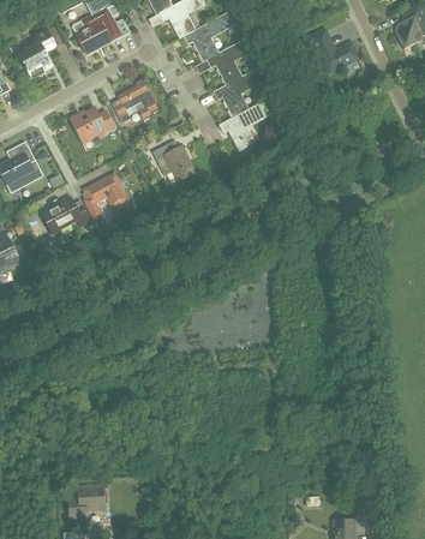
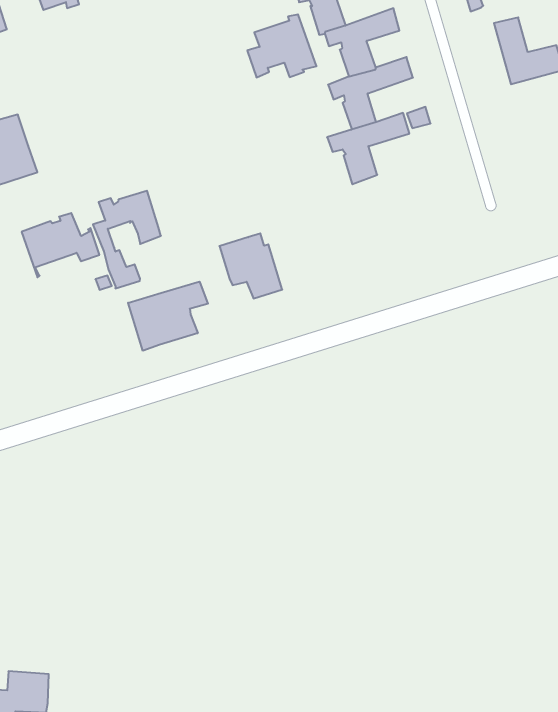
building: [114,78,158,121] -> [247,14,317,77]
building: [70,106,114,142] -> none
building: [151,138,194,179] -> [219,233,282,298]
building: none -> [128,282,208,351]

